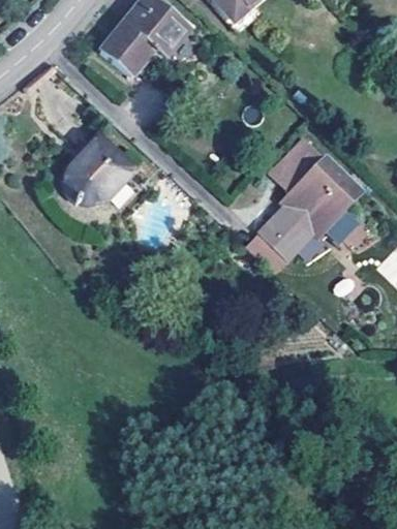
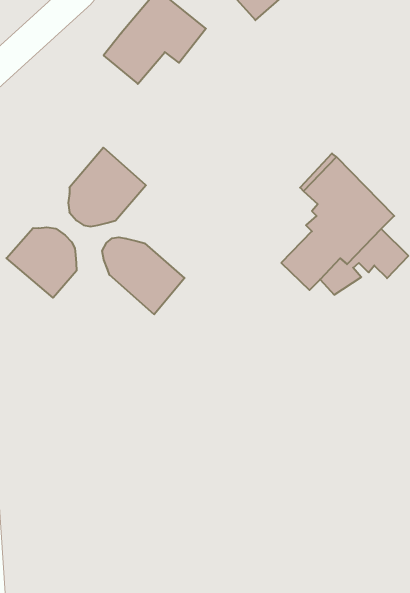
building: none -> [6,227,76,298]
building: none -> [102,237,185,314]

